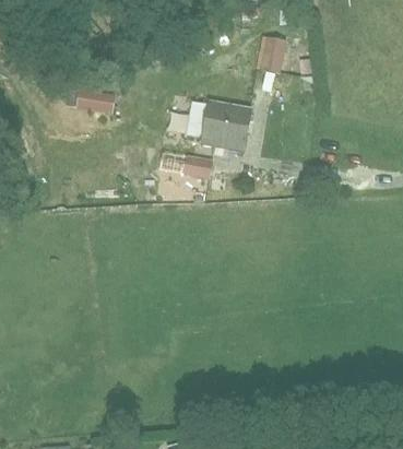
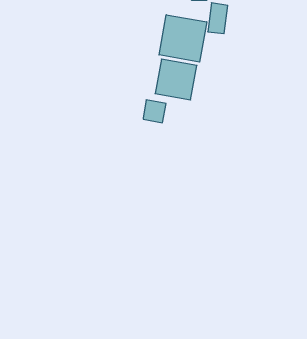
building: none -> [159,15,207,62]
building: [76,91,114,115] -> none

